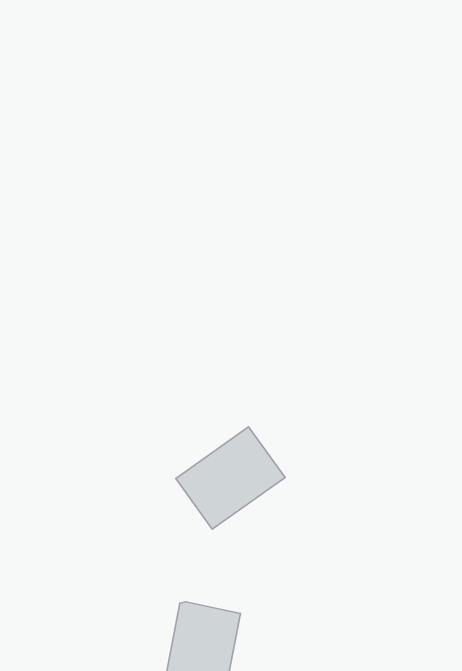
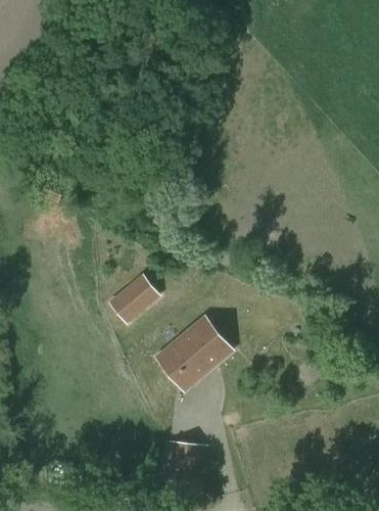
building: none -> [108,274,160,325]

